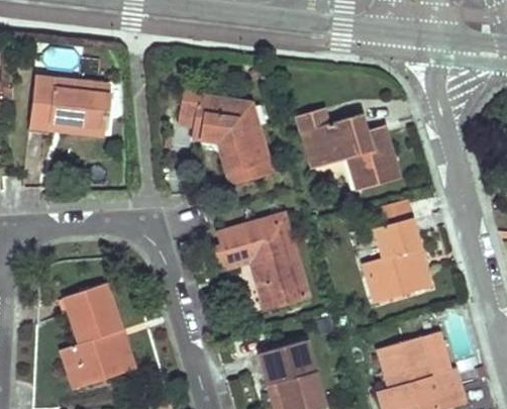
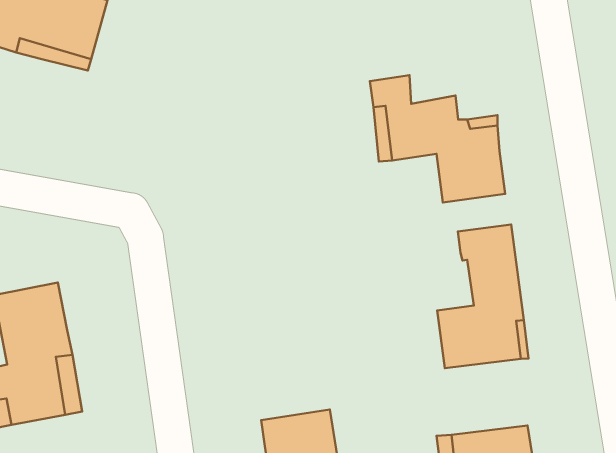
building: [179,96,268,183] -> none
building: [214,220,308,310] -> none

